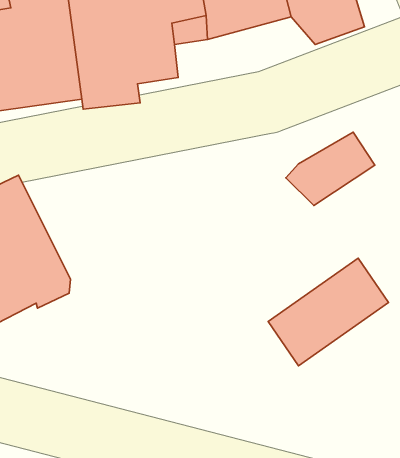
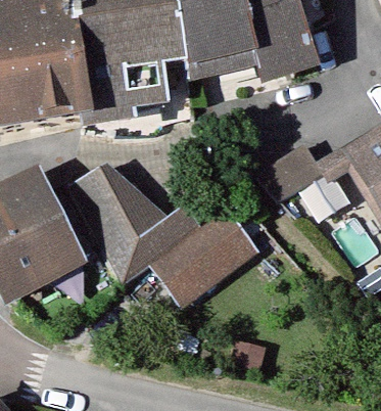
building: none -> [74,165,198,283]
building: [268,258,389,366] -> [156,214,253,301]

